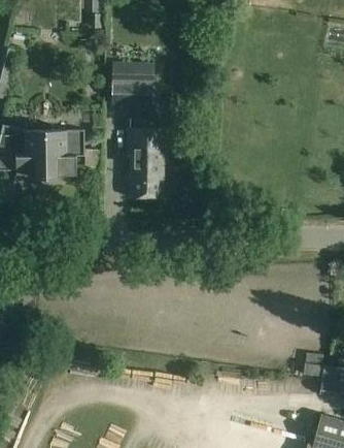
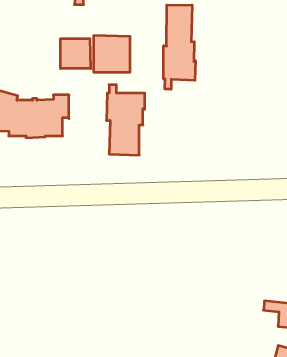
building: none -> [164,5,195,89]
building: none -> [61,39,91,69]

